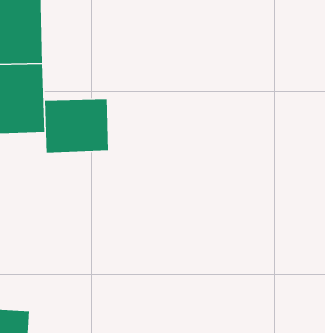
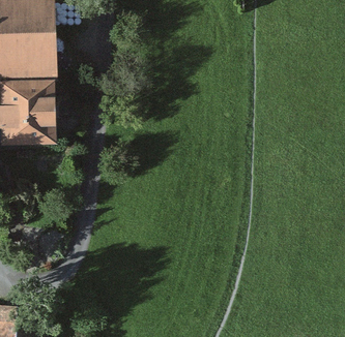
building: [44,98,109,153] -> none

